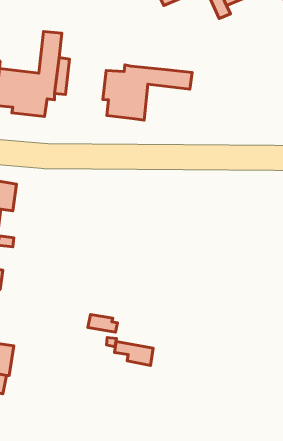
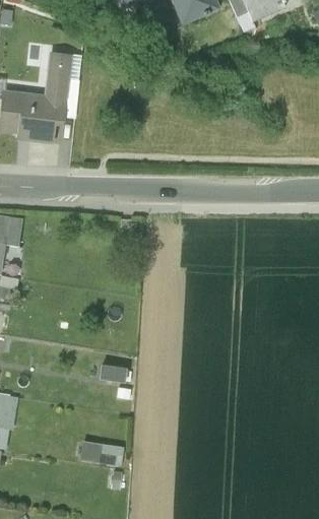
building: [103,65,192,120] -> none
building: [114,342,153,366] -> [81,441,124,467]

